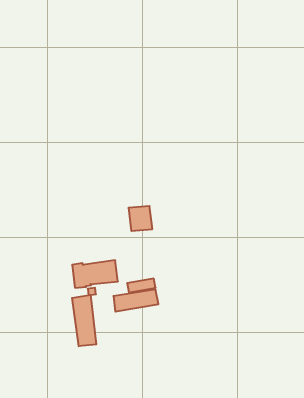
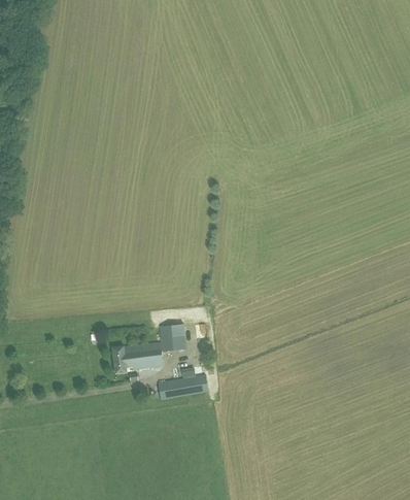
building: [128,206,152,231] -> [159,323,185,351]
building: [72,295,96,346] -> none

